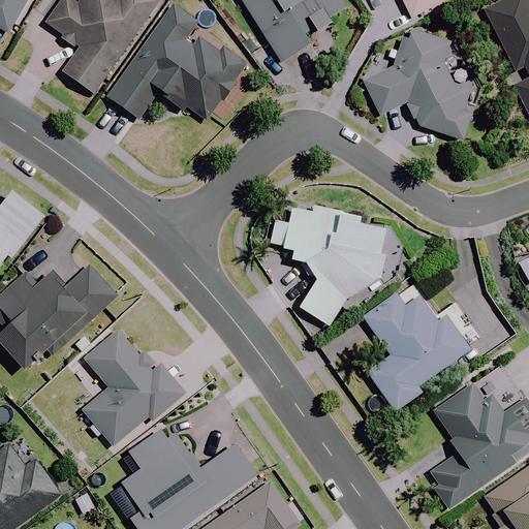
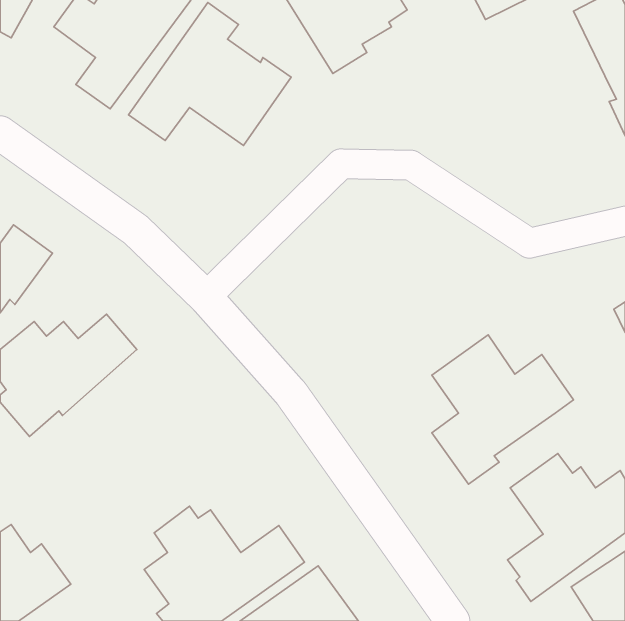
building: [366,28,480,141] -> none
building: [273,203,388,324] -> none
building: [84,331,184,445] -> none

